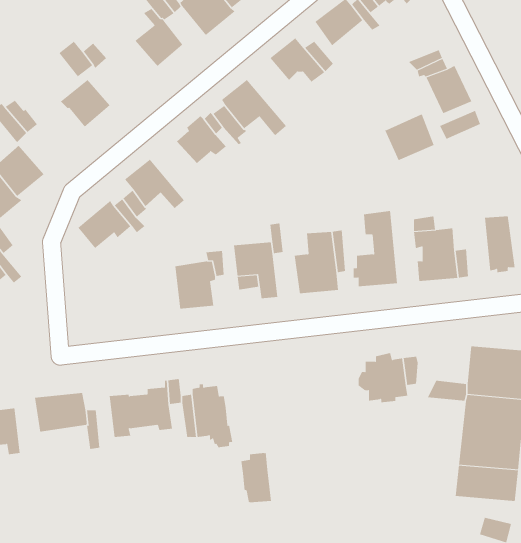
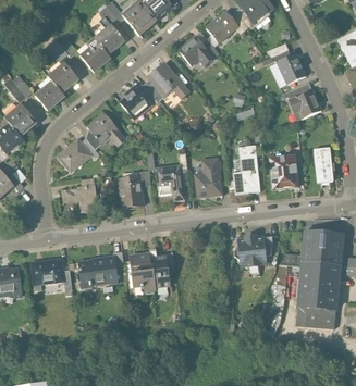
building: none -> [79,38,110,72]
building: none -> [35,80,64,110]
building: [384,114,435,161] -> [289,90,320,120]
building: none -> [62,177,98,212]
building: [241,453,272,508] -> [150,256,170,290]

